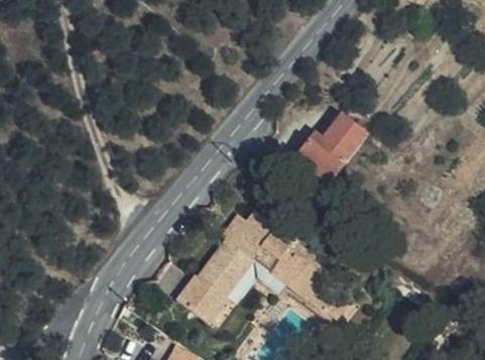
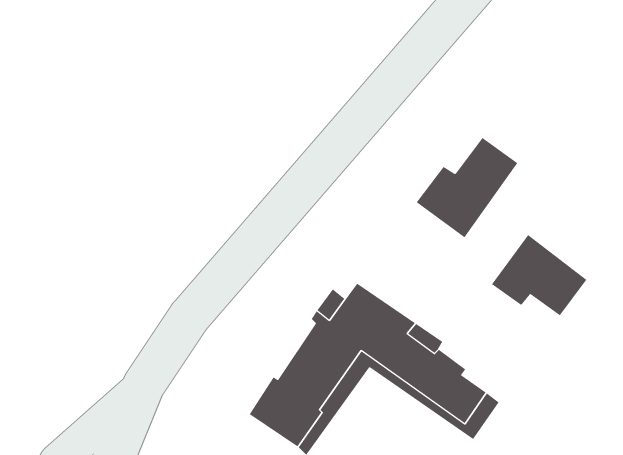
building: none -> [491,234,587,316]

